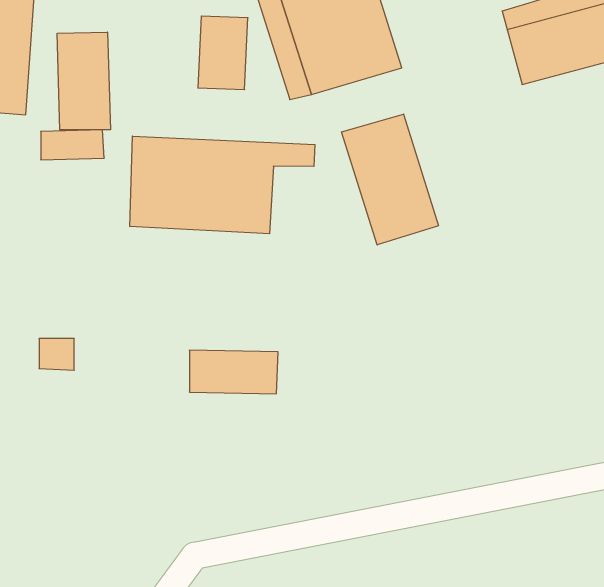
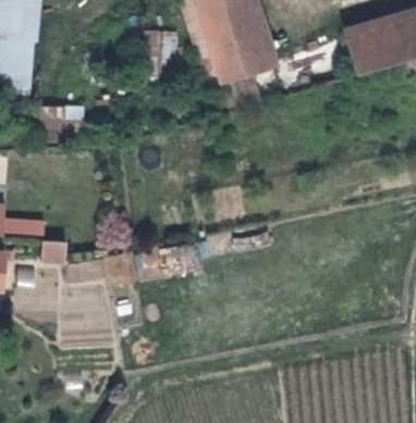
building: [57,32,110,130] -> none
building: [341,114,439,245] -> none
building: [130,136,315,234] -> none

